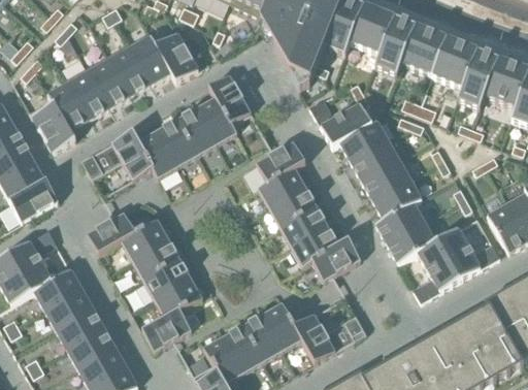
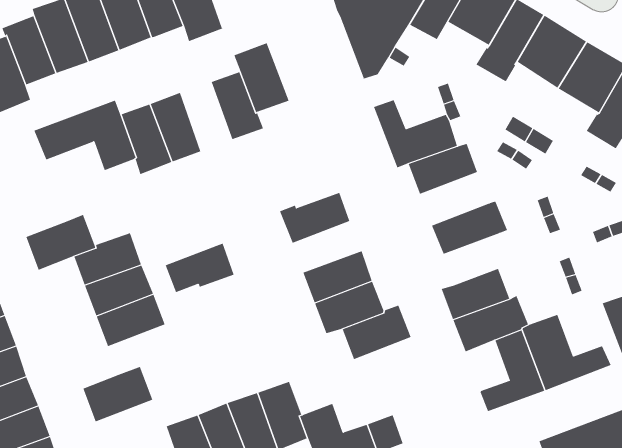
building: [176,106,217,155] -> none
building: [351,138,399,180] -> none
building: [256,140,305,183] -> none
building: [373,177,421,218] -> none
building: [269,186,318,226] -> none
building: [155,277,203,316] -> [165,243,234,293]

